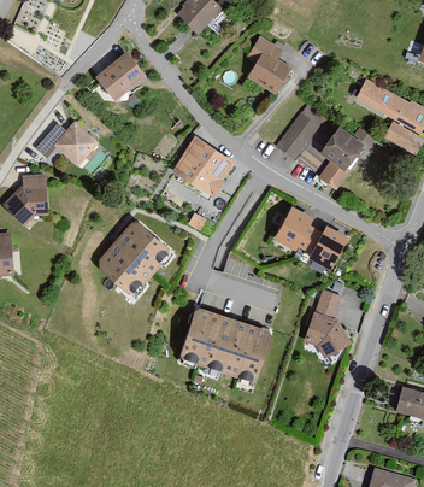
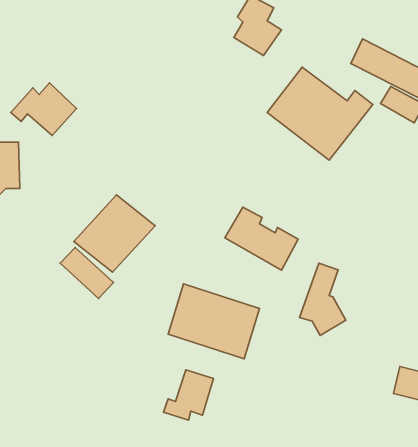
building: [93,51,140,95] -> none
building: [170,134,230,195] -> none
building: [277,206,346,265] -> [225,207,298,270]
building: none -> [60,247,113,298]
building: none -> [164,370,214,420]

